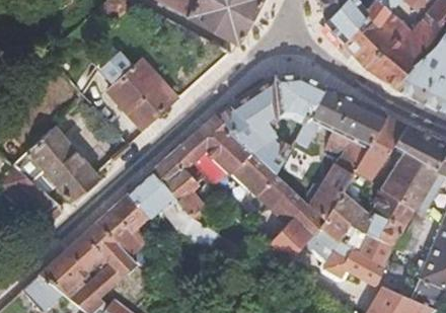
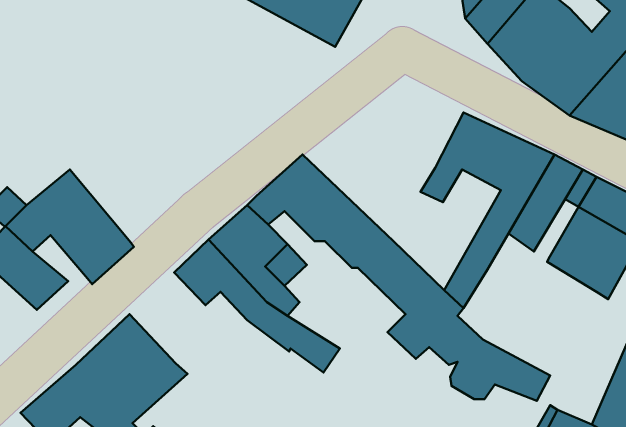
building: [100,52,178,132] -> none
building: [215,74,324,173] -> none
building: [320,187,415,245] -> none
building: [97,194,149,256] -> none

